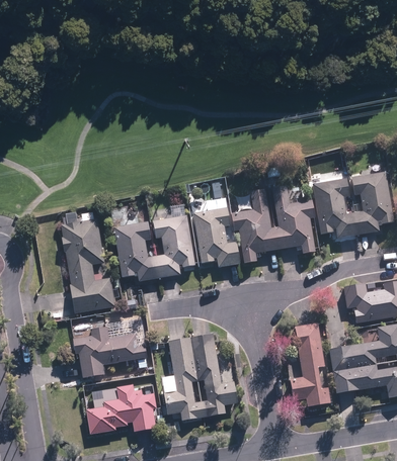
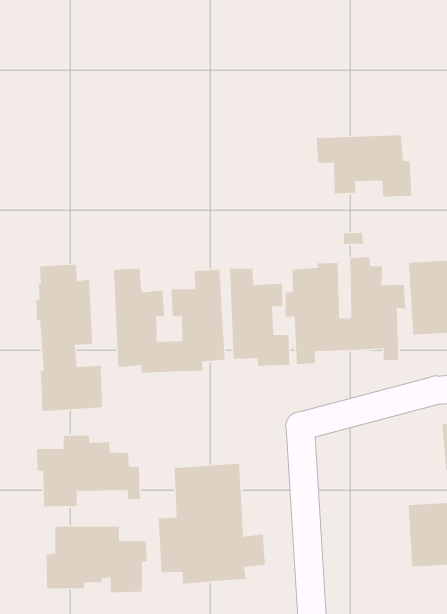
building: none -> [316,134,412,197]
building: [290,324,330,405] -> none

